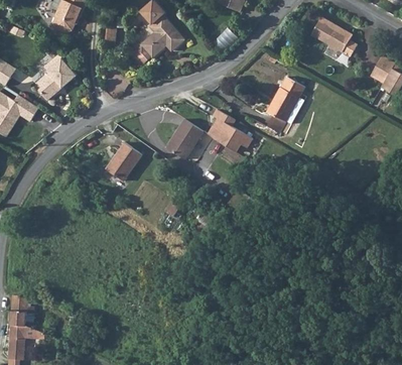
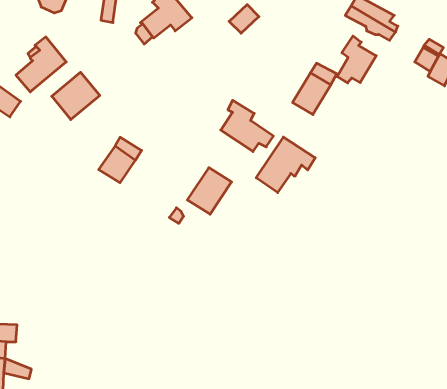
building: none -> [337,36,376,83]
building: none -> [52,72,100,120]
building: [165,118,203,157] -> [187,168,232,214]
building: none -> [256,137,315,193]

